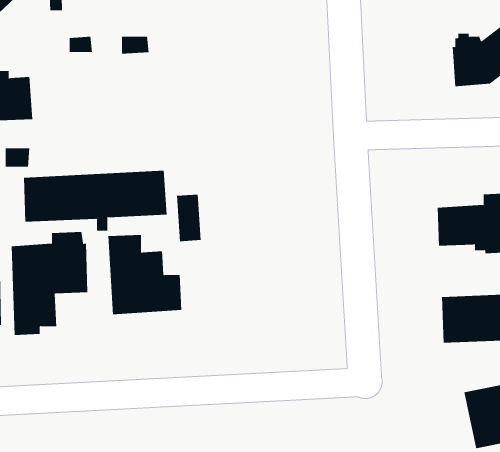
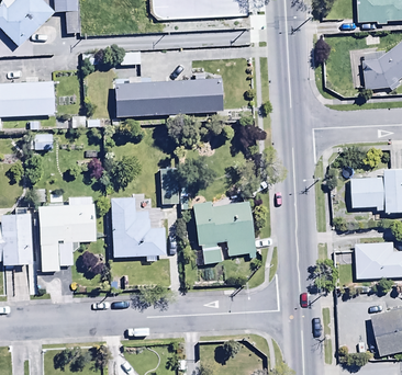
building: [23,170,168,231] -> [114,77,221,122]
building: none -> [191,201,257,262]

